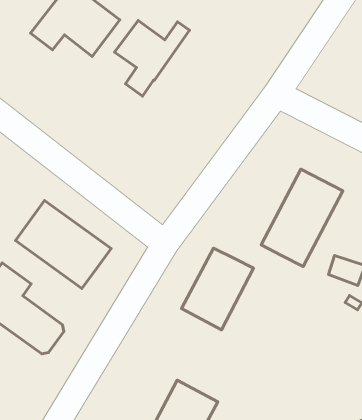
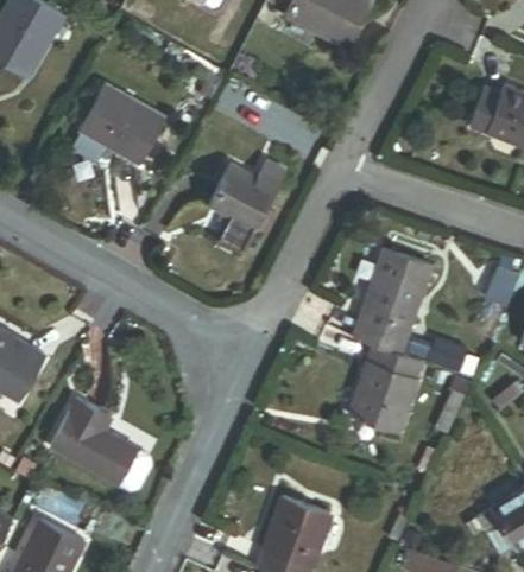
building: [115,20,190,96] -> [208,161,285,247]
building: [15,201,111,288] -> none
building: [181,248,254,330] -> [349,347,421,433]

